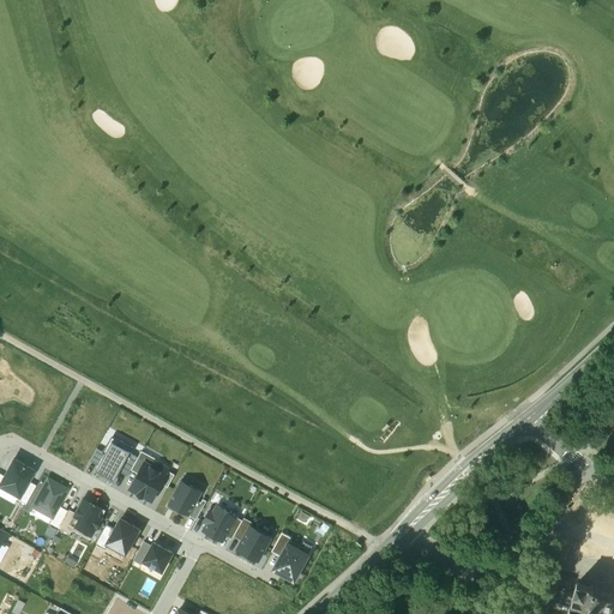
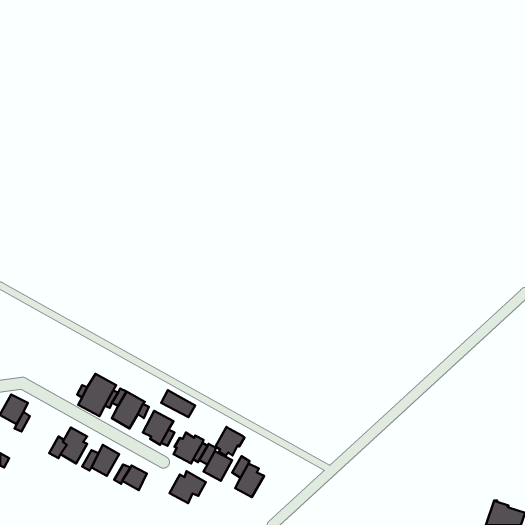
building: none -> [161,390,195,417]
building: [31,477,68,518] -> none
building: none -> [216,427,244,456]
building: none -> [169,471,206,503]

